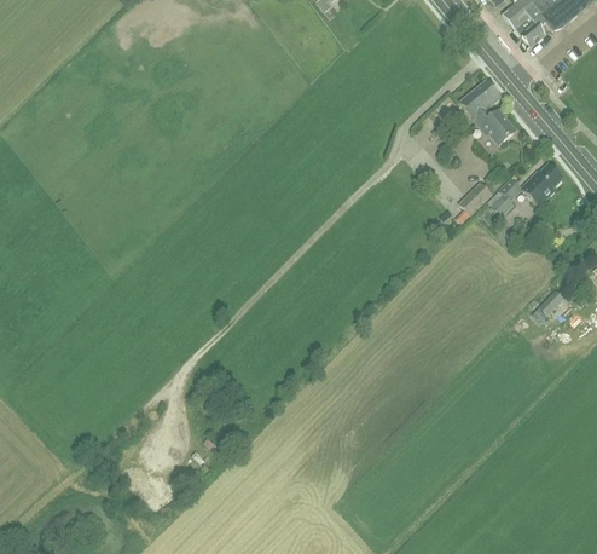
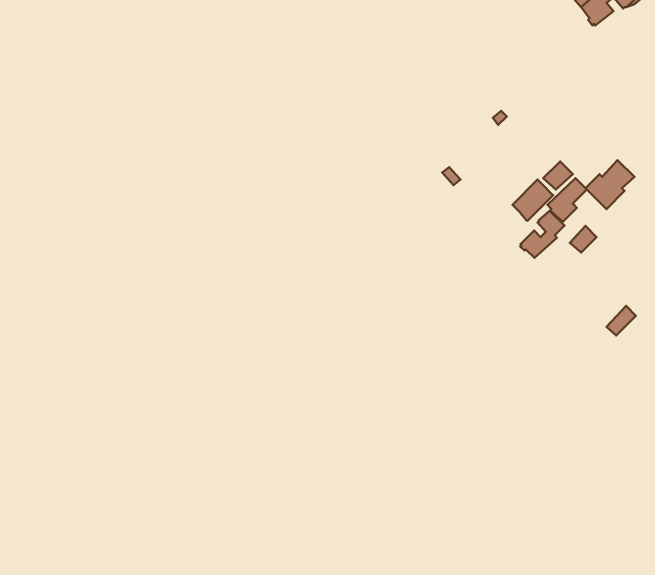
building: [459,79,515,143] -> none
building: none -> [520,211,564,258]

